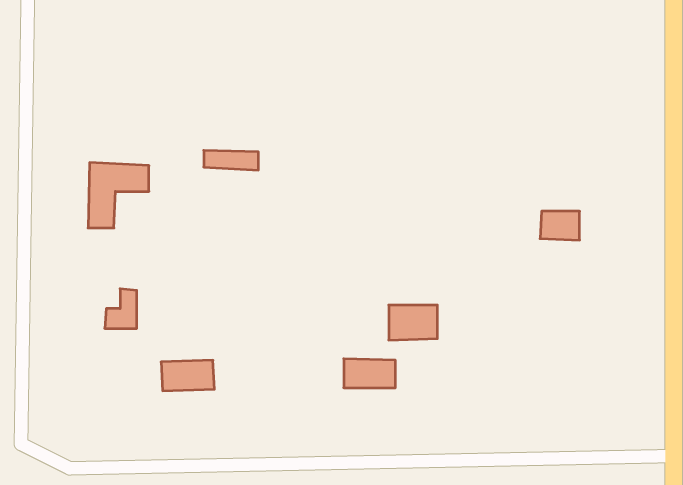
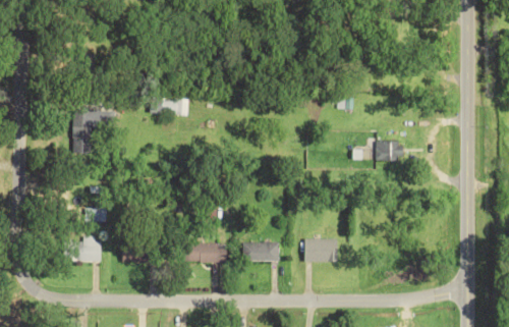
building: [389,305,437,340] -> [304,238,337,262]
building: none -> [74,235,101,261]
building: none -> [183,243,226,262]

